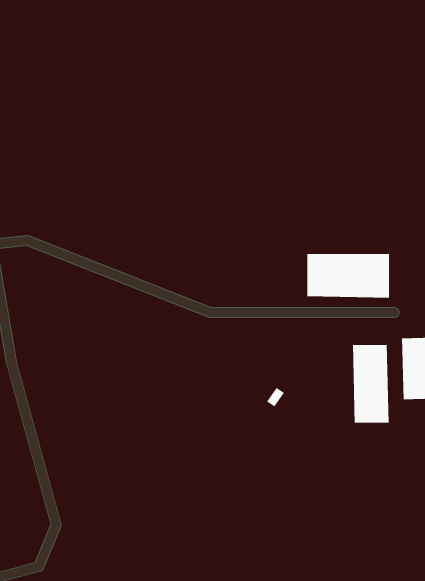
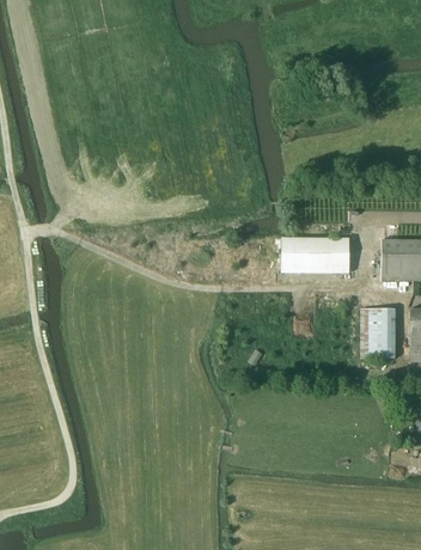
building: [352,344,389,423] -> none

